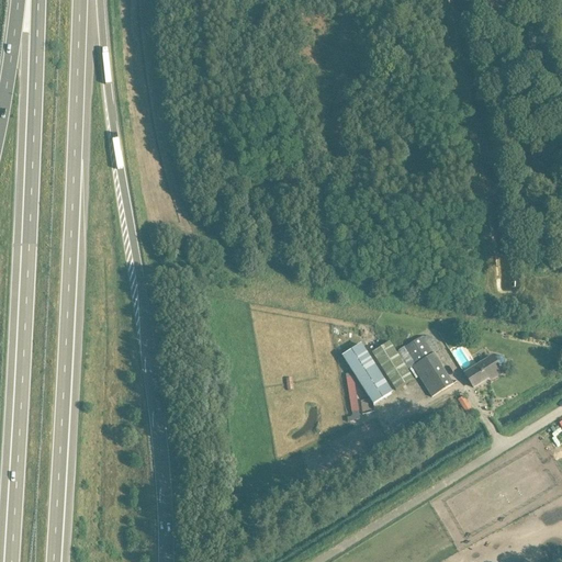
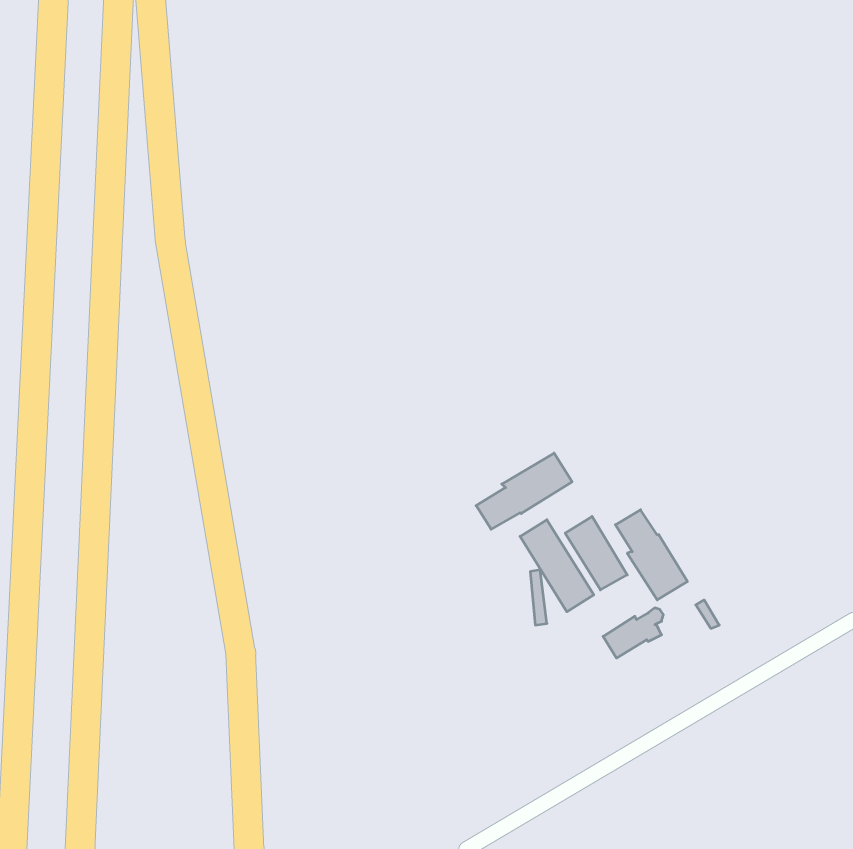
building: none -> [476,453,572,529]
building: [463,352,503,385] -> [603,608,663,658]

